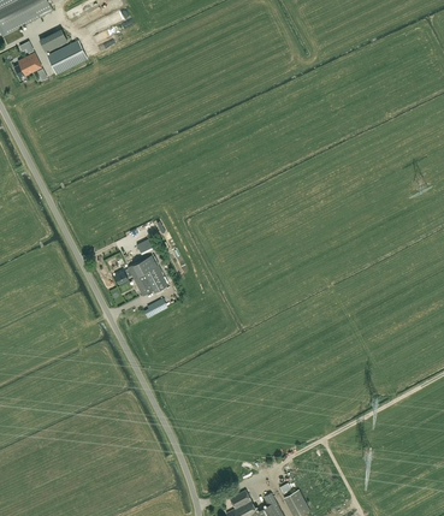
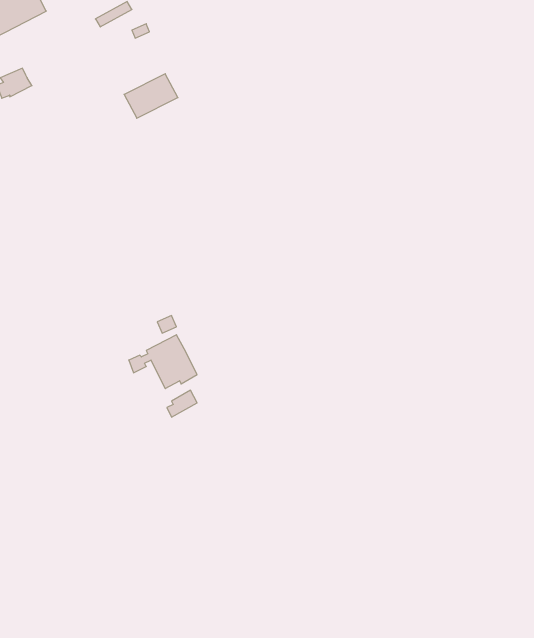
building: [46,40,87,73] -> [124,74,178,118]

